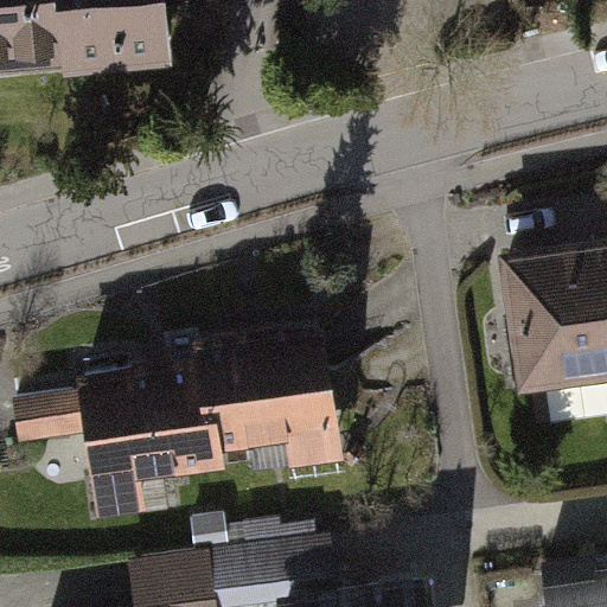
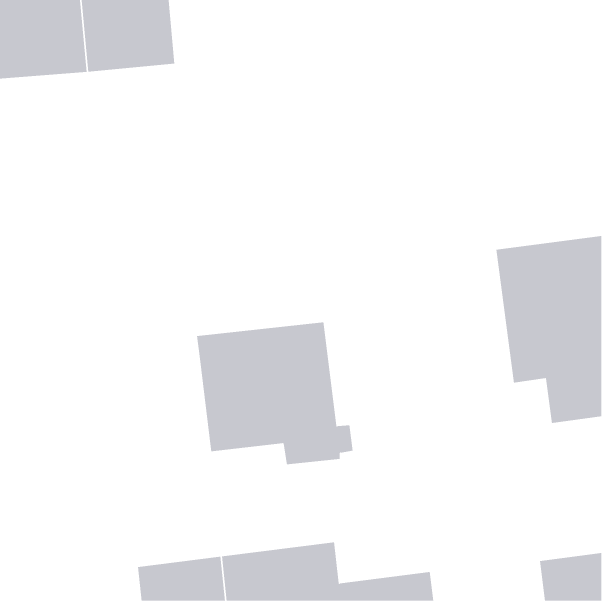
building: [12,357,213,524] -> none

